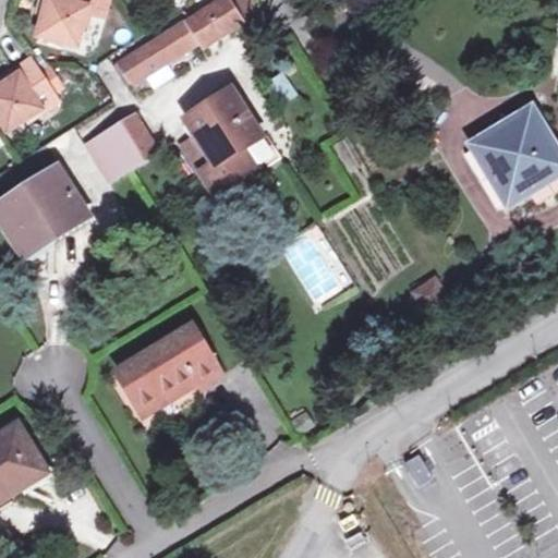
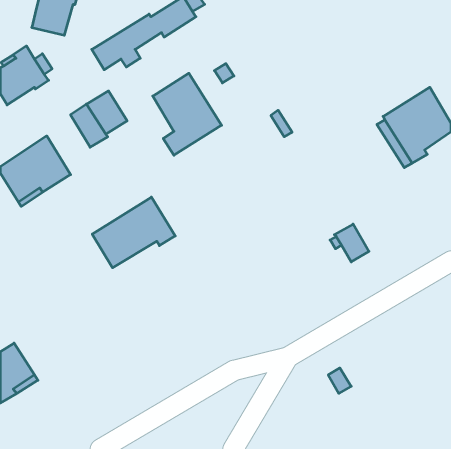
building: [119,325,221,412] -> [92,197,175,268]

